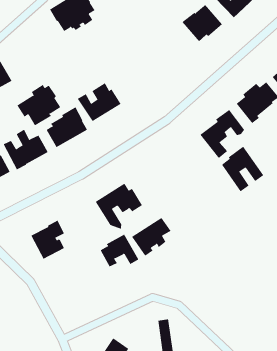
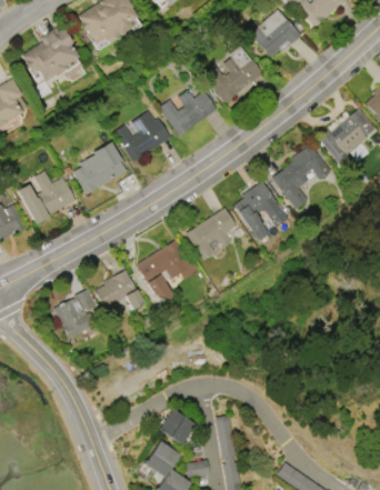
building: none -> [203,44,264,103]
building: none -> [160,90,218,136]
building: [17,84,61,126] -> [22,27,80,81]
building: [221,146,264,192] -> [233,180,289,240]
building: [131,217,171,257] -> [186,208,238,259]
building: [100,234,139,267] -> [94,269,146,312]
building: none -> [160,409,196,444]

